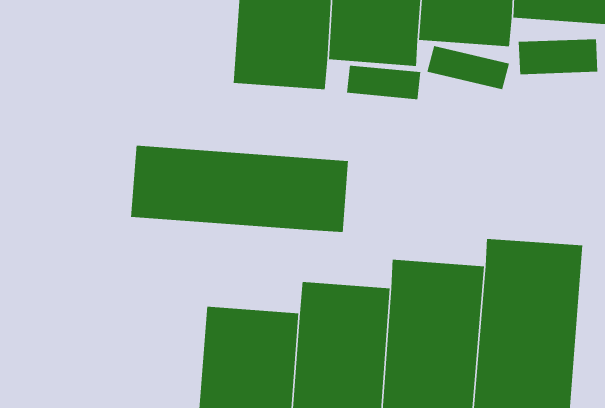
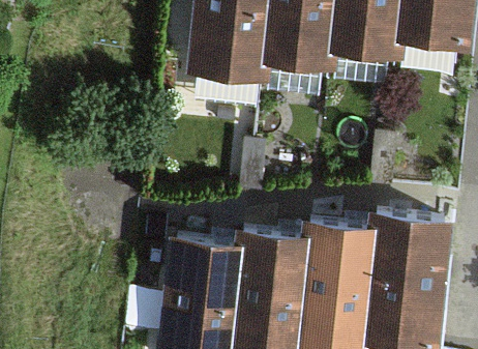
building: [131,145,349,233] -> none

